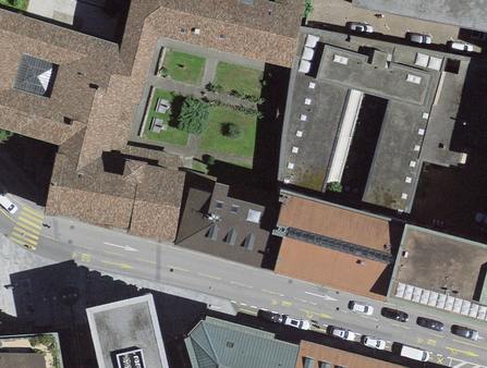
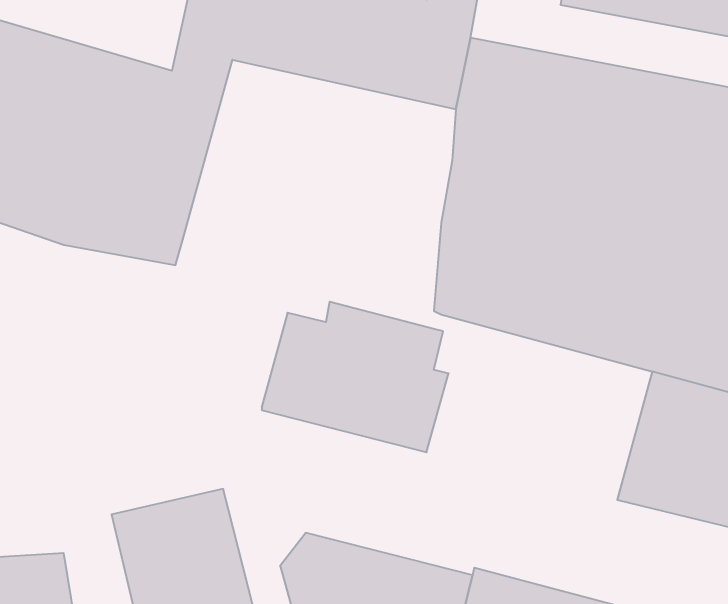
building: [44,146,185,244] -> none
building: [272,191,406,303] -> none

